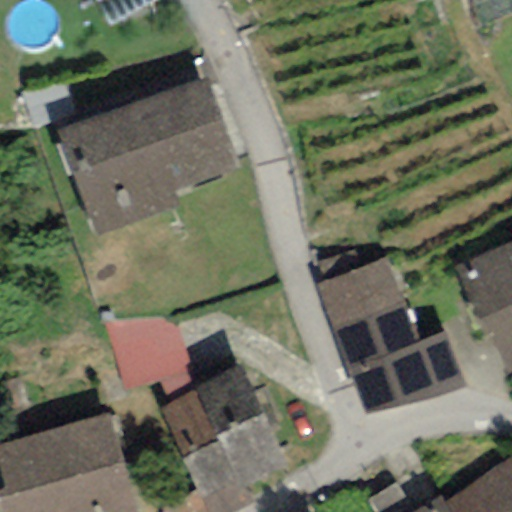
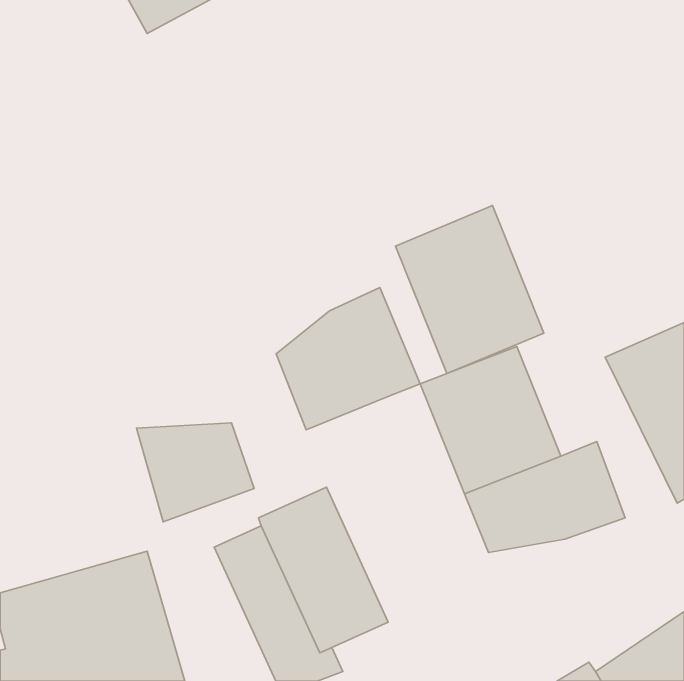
building: [58,76,241,235] -> none
building: none -> [396,206,544,374]
building: none -> [276,288,420,430]

